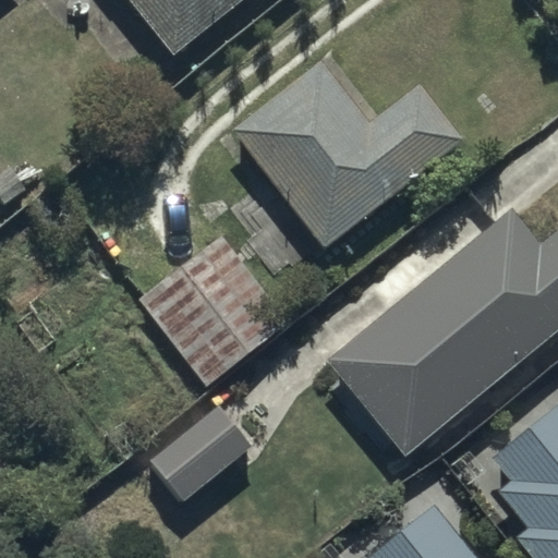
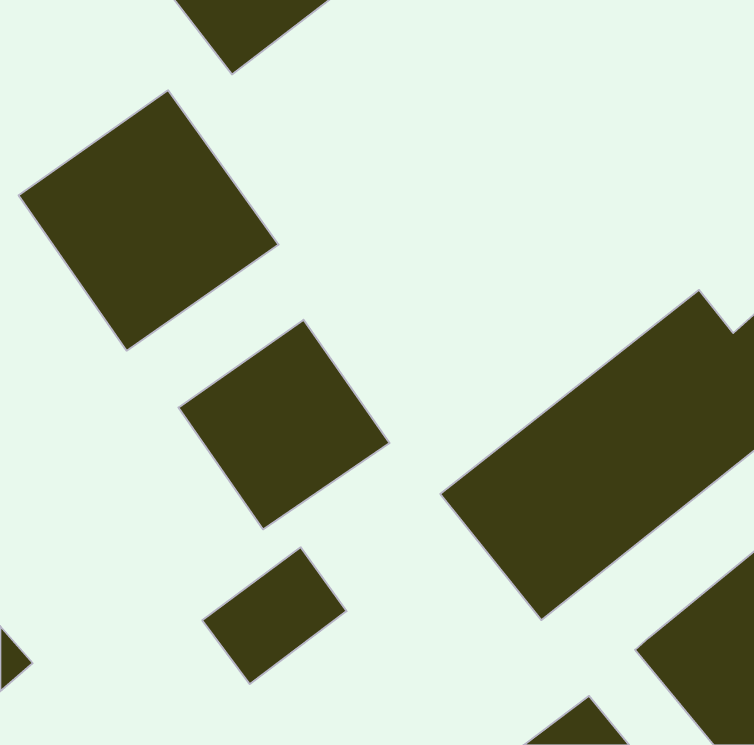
building: [233,64,461,246] -> none
building: none -> [19,90,279,351]

